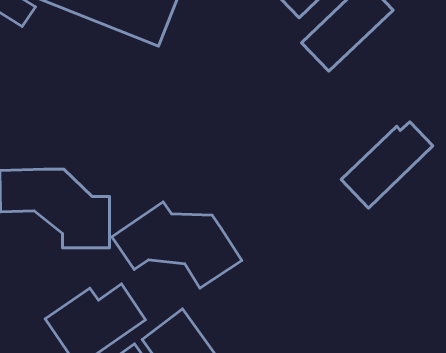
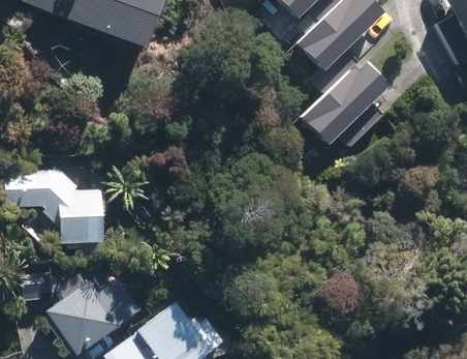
building: [341,122,433,208] -> [295,67,382,149]
building: [112,202,242,288] -> none

